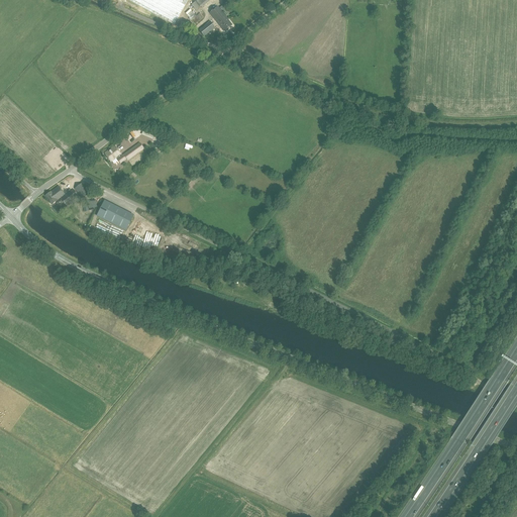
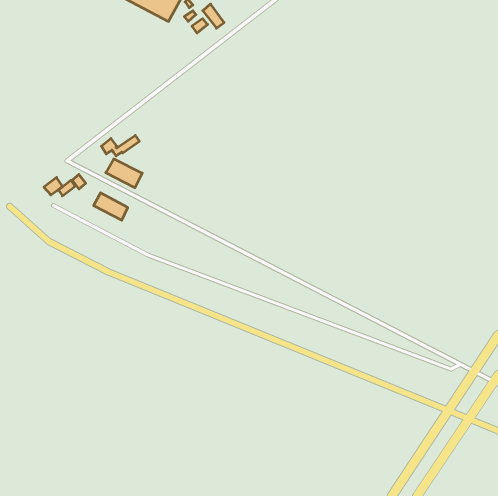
building: none -> [106,159,142,188]

